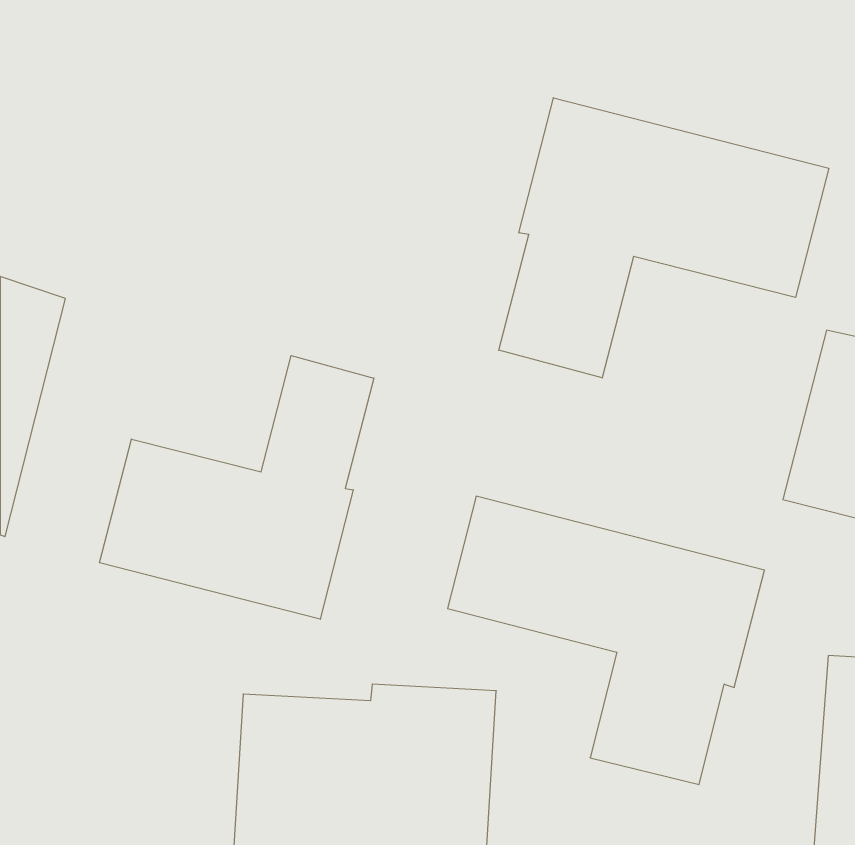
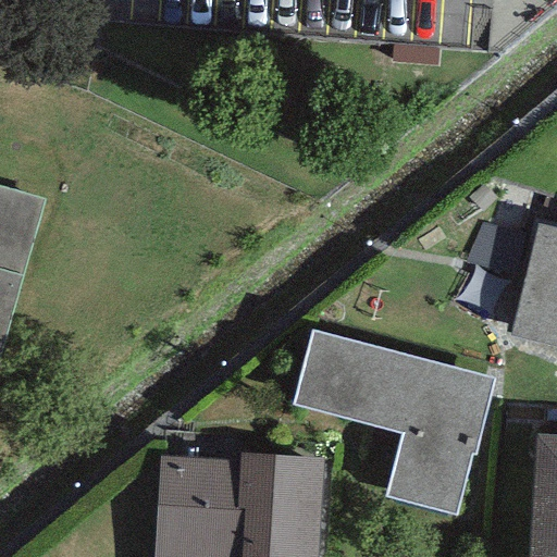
building: [499,98,829,378] -> none
building: [100,356,374,619] -> none

